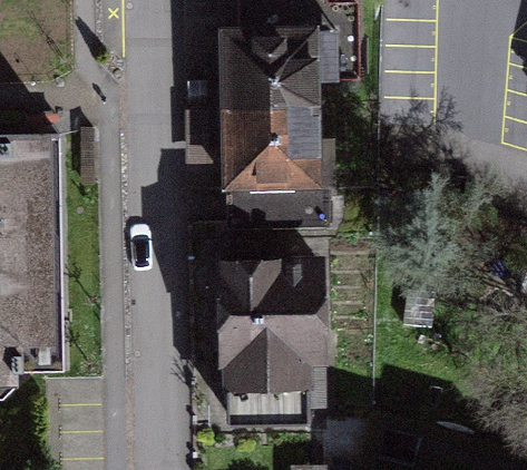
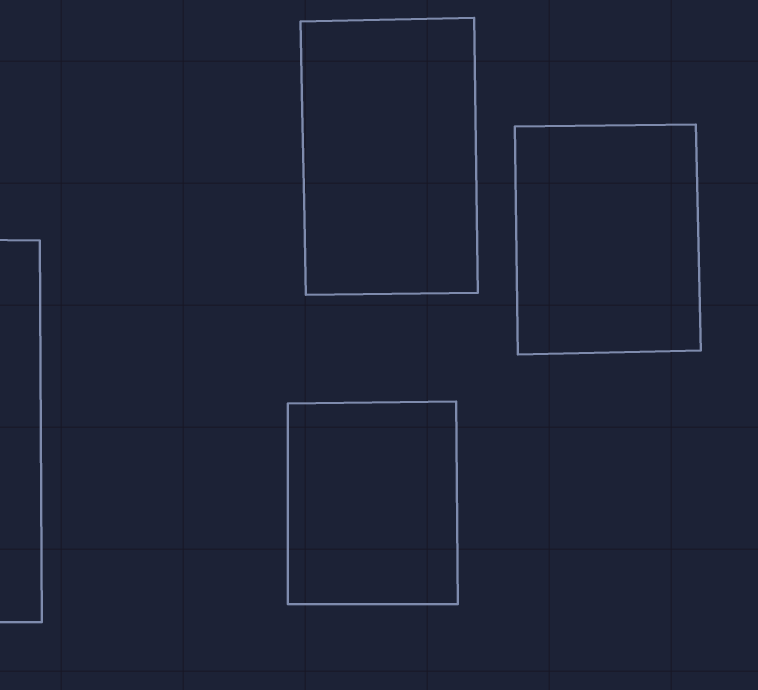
building: none -> [515,124,701,355]

